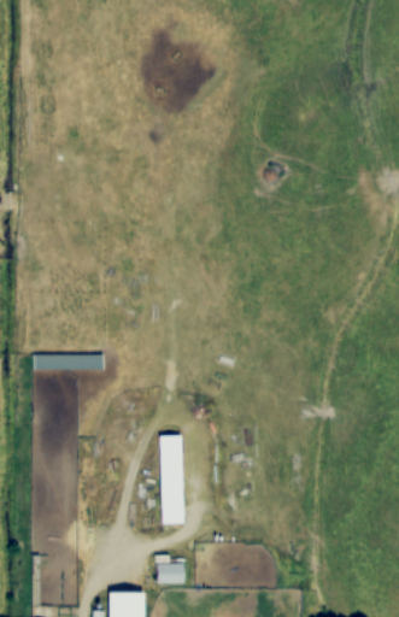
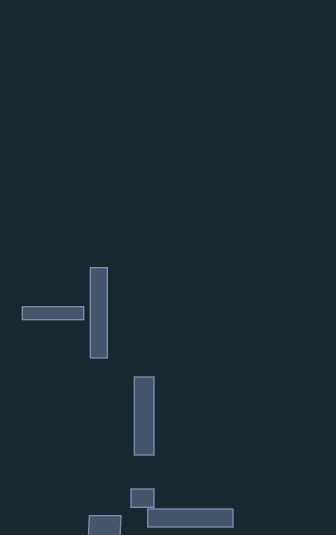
building: none -> [91,267,107,358]
building: none -> [148,509,233,527]

